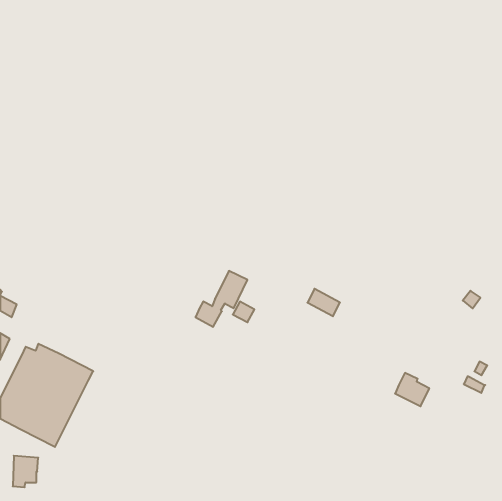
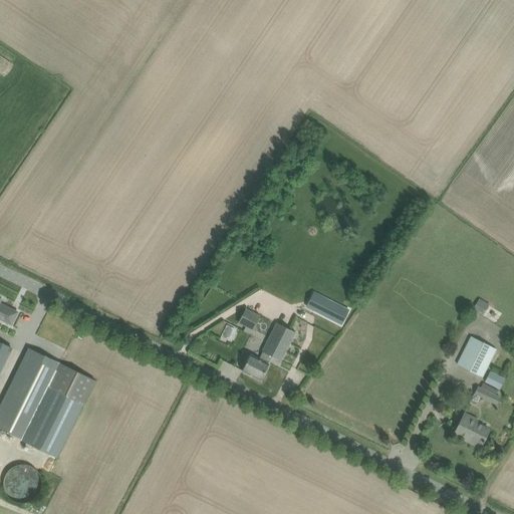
building: [195,271,247,327] -> [242,322,295,379]
building: none -> [457,335,496,375]
building: [395,373,429,406] -> [454,413,489,447]

